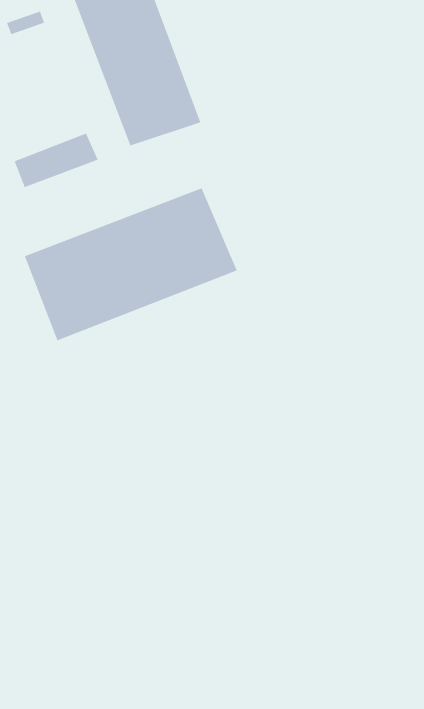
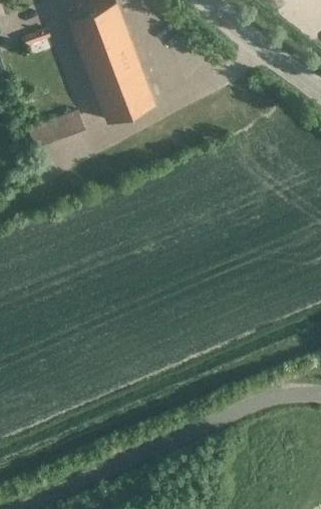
building: [24,188,238,341] -> none

